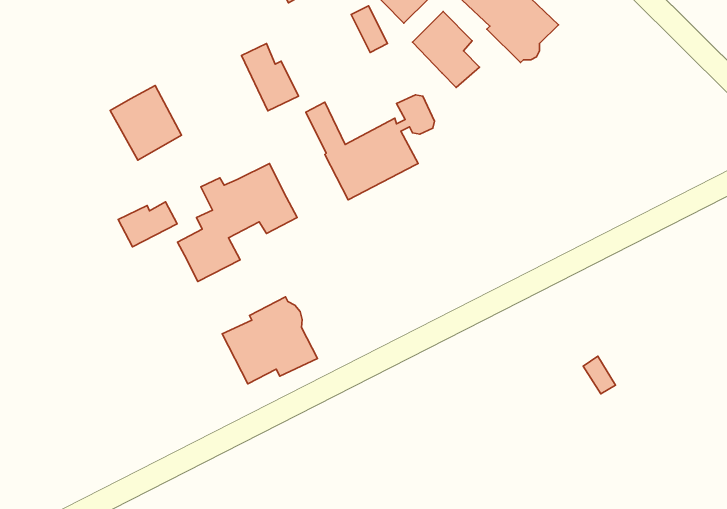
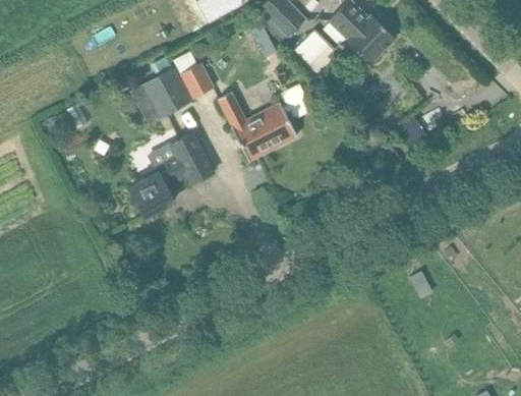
building: [110,86,182,160] -> [141,66,191,118]
building: [118,202,177,247] -> none
building: [222,297,317,384] -> none

